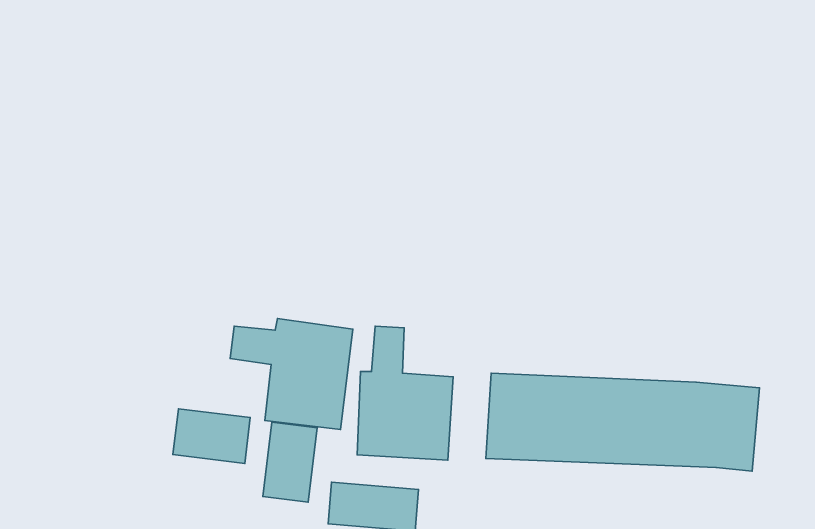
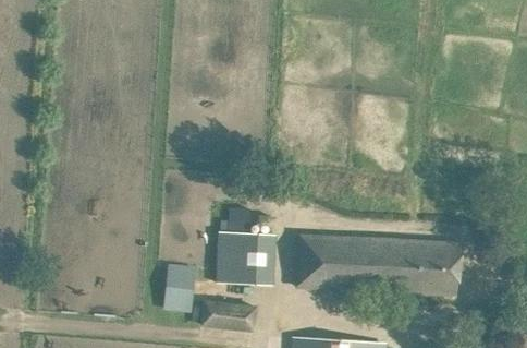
building: [230,318,353,429] -> none
building: [173,409,250,463] -> none

